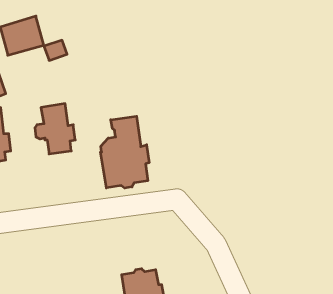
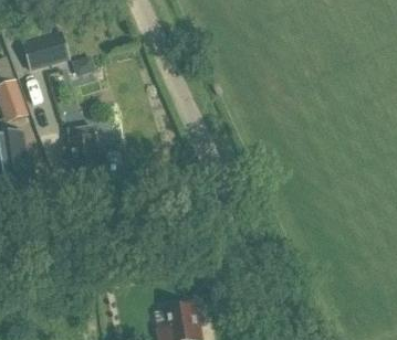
building: [100,116,149,188] -> none

